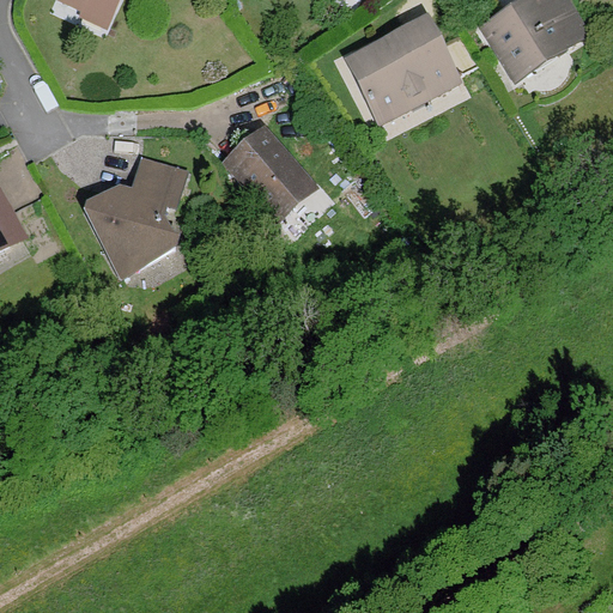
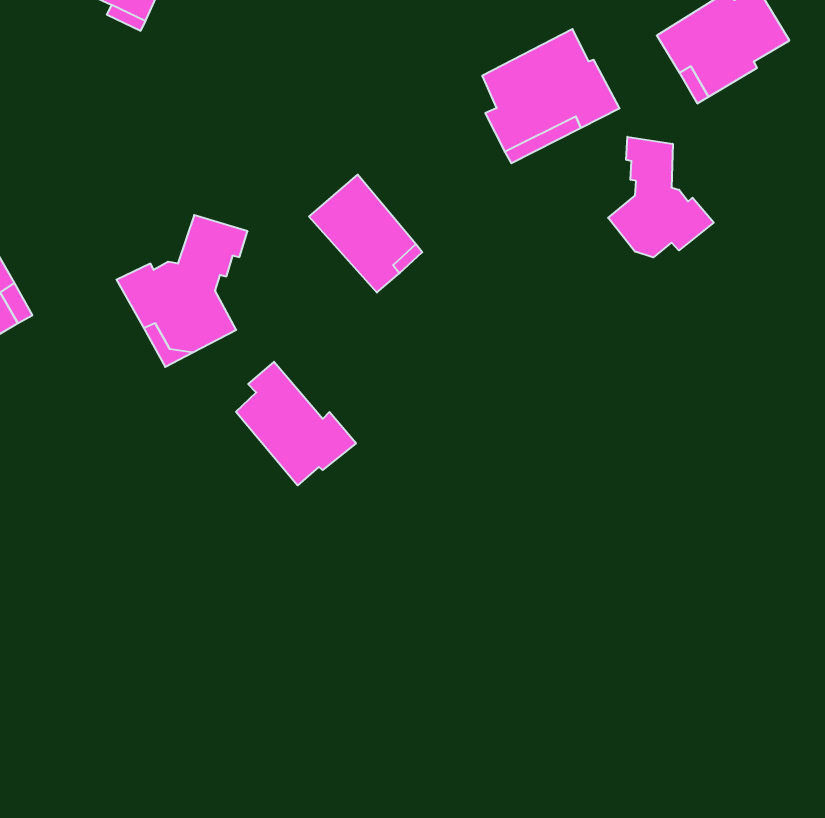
building: none -> [608,137,714,257]
building: none -> [236,362,356,485]

